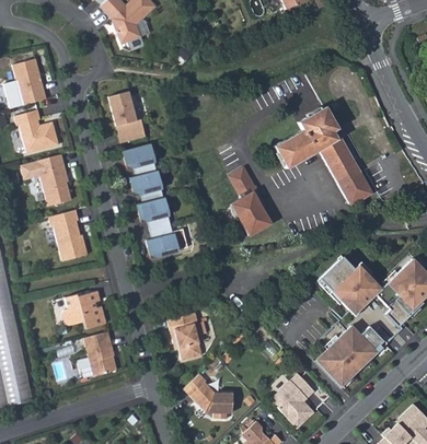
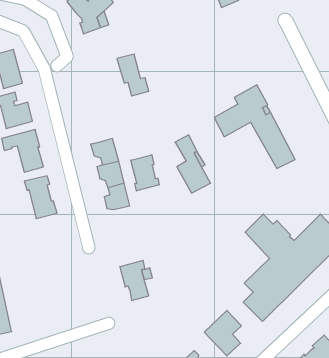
building: [107,87,146,138] -> [117,54,149,96]
building: [123,140,155,173] -> none
building: none -> [131,155,159,191]
building: [62,291,106,329] -> none
building: [84,331,117,376] -> none
building: [182,374,229,420] -> none

